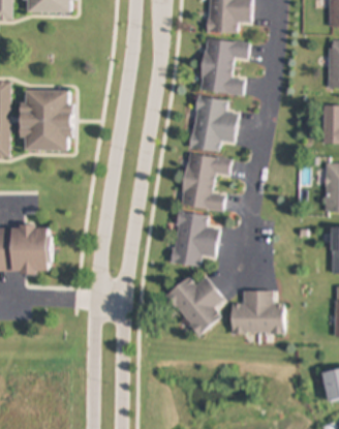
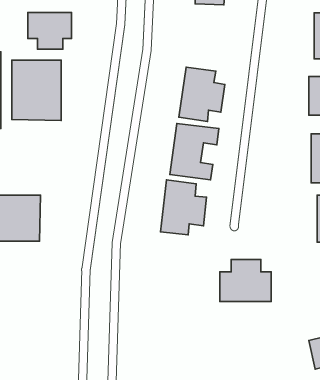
building: [199,38,248,94] -> none
building: none -> [28,12,72,49]
building: [165,276,223,336] -> none

